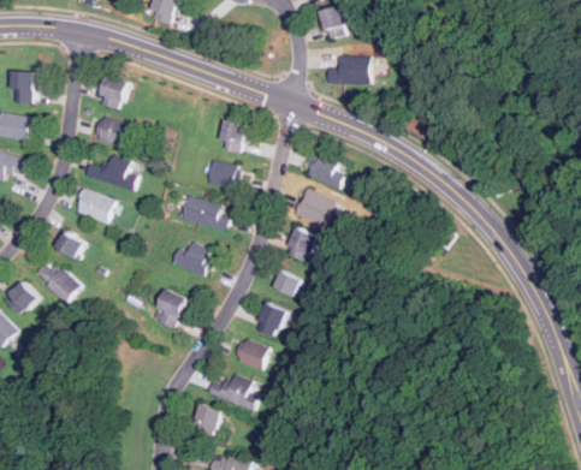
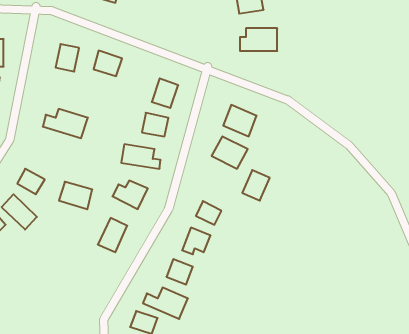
building: [94,115,129,147] -> [94,51,122,76]
building: [72,190,113,224] -> [59,182,92,209]
building: [284,226,318,263] -> [242,170,270,201]

